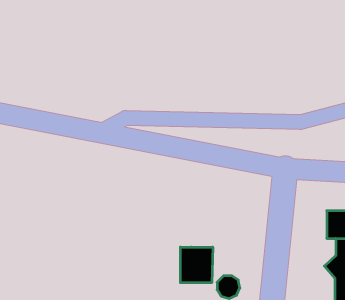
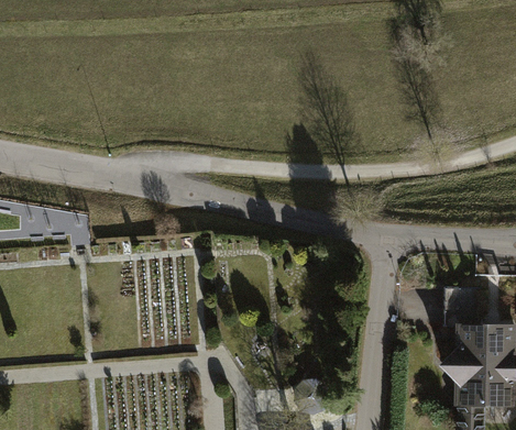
building: [180,247,213,283] -> none

